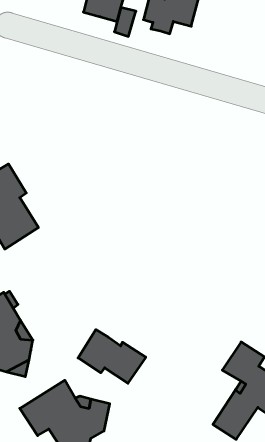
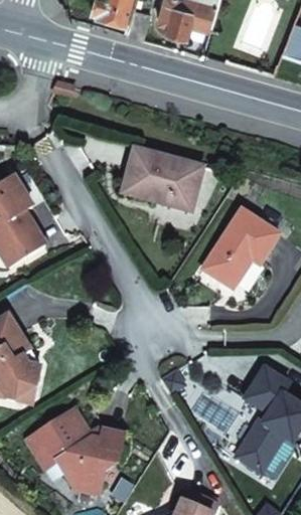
building: none -> [123,147,204,210]
building: none -> [202,209,280,289]
building: [78,330,146,383] -> none

